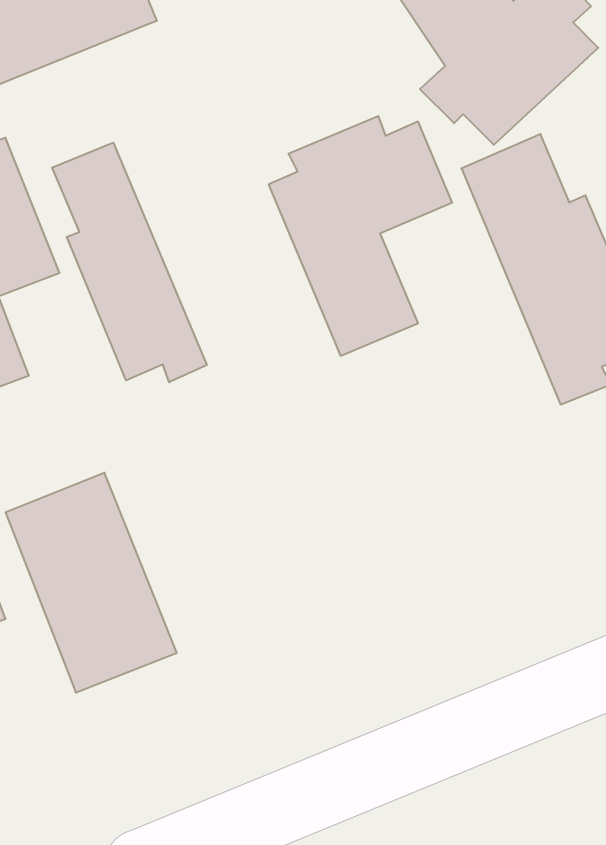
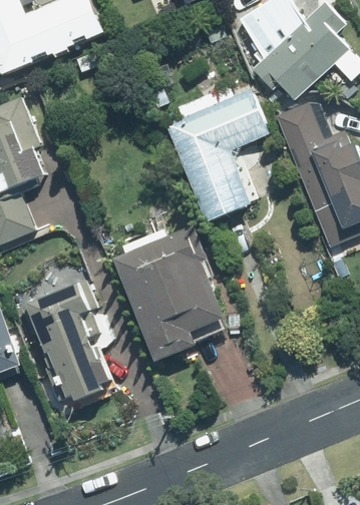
building: [52,143,207,382] -> none
building: none -> [113,224,225,362]

